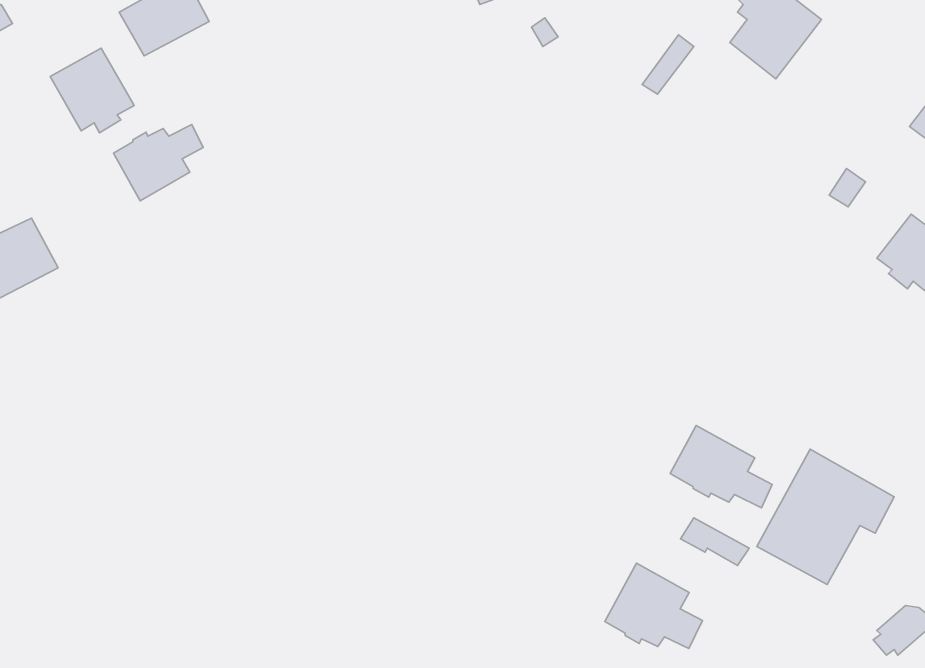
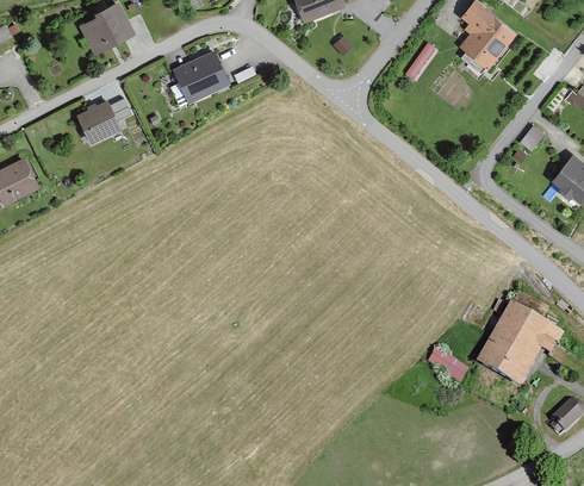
building: [50,48,134,133] -> none
building: none -> [170,51,229,105]
building: [670,425,772,508] -> none
building: [605,563,703,648] -> none

